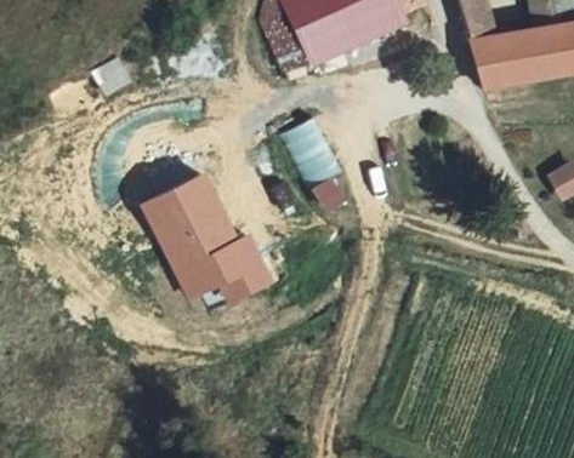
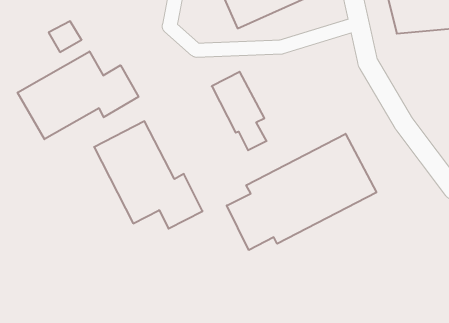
building: none -> [18,51,138,139]
building: none -> [227,134,376,250]

